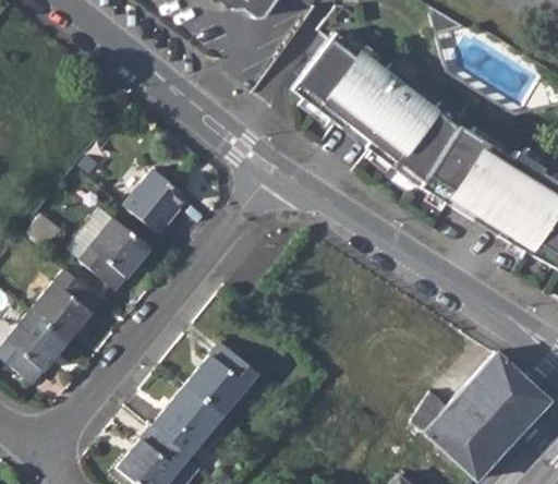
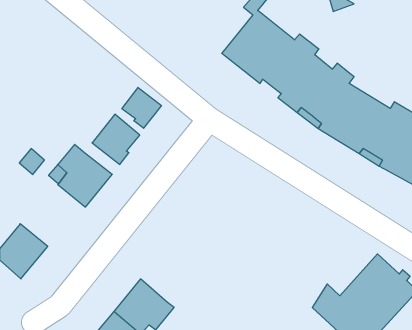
building: none -> [122,87,161,128]
building: [32,270,101,341] -> none
building: [189,342,258,414] -> none

